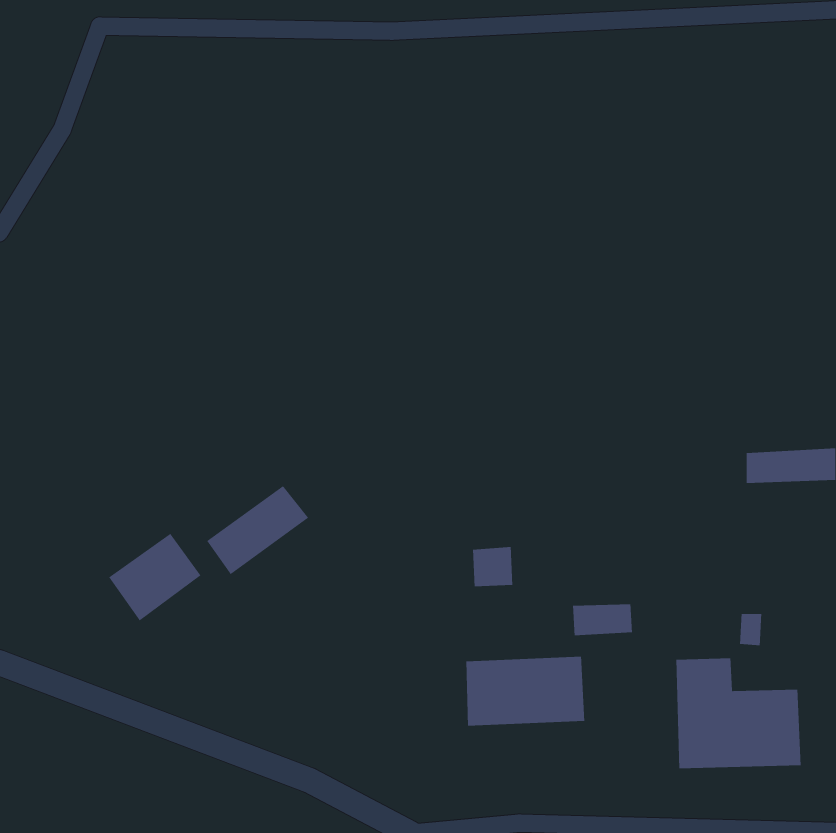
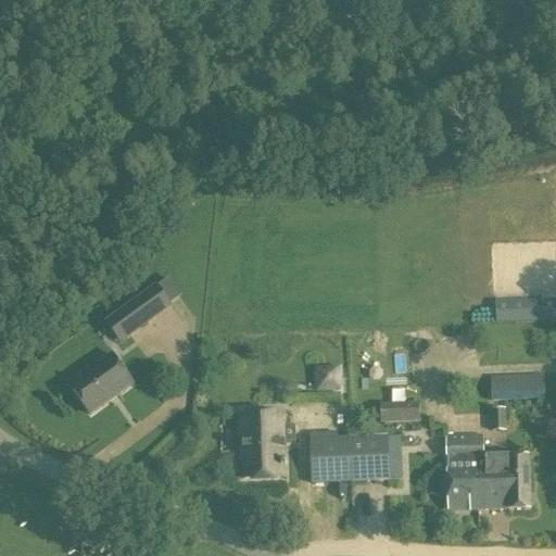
building: [206,485,309,575] -> [103,281,172,341]
building: none -> [490,372,543,400]
building: none -> [239,414,294,476]

